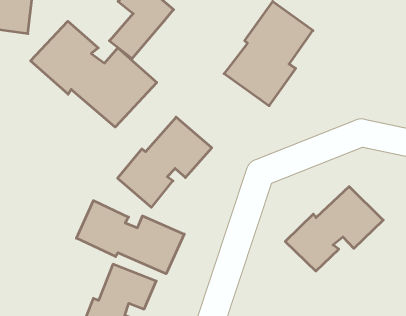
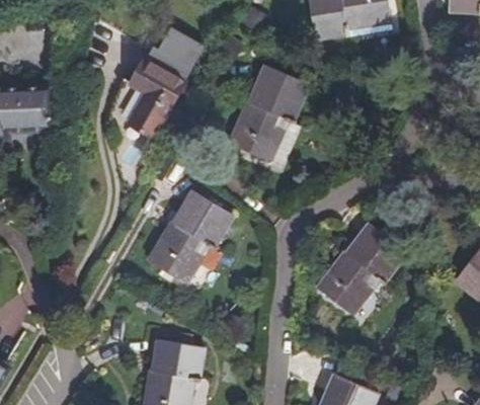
building: [31,21,157,127] -> none
building: [76,201,184,274] -> none

